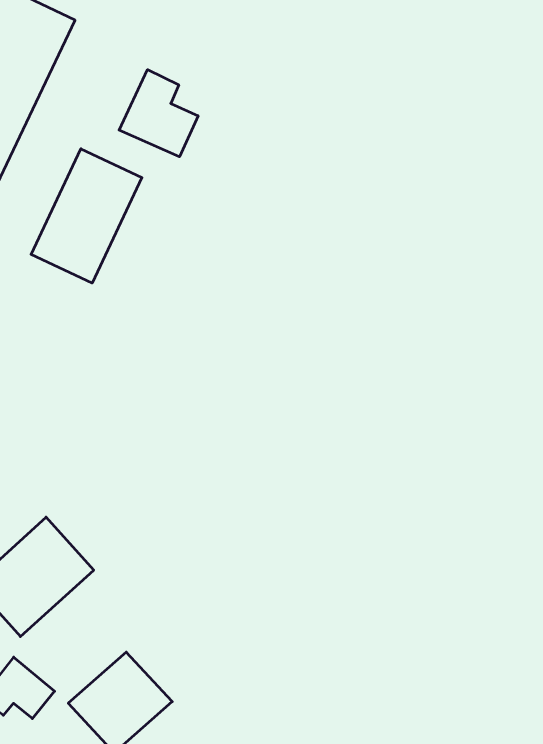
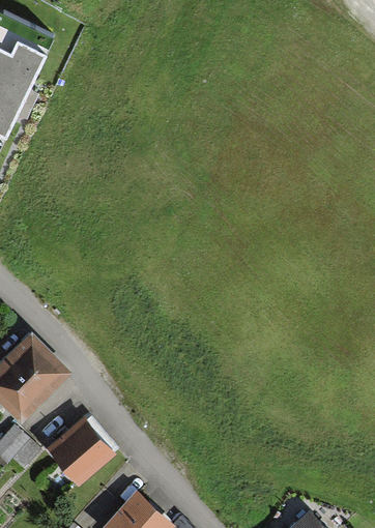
building: [119,70,198,157] -> none
building: [31,149,142,283] -> none

